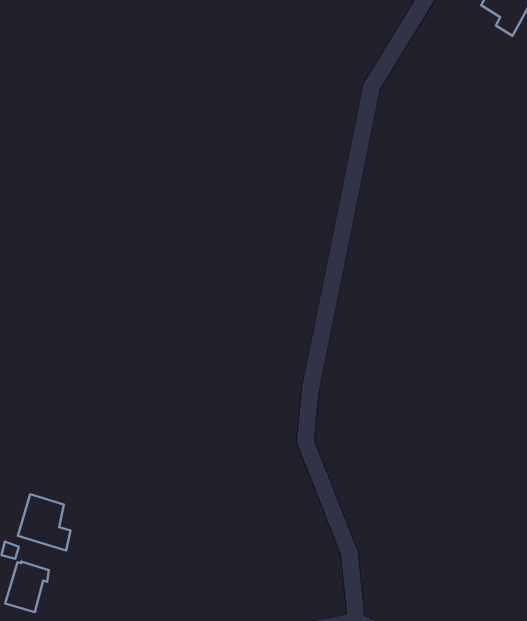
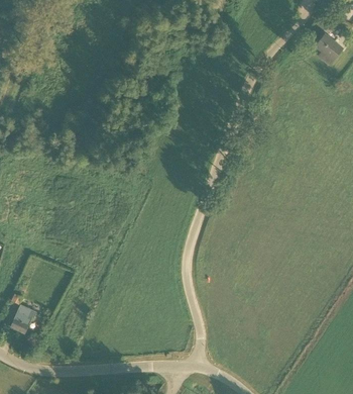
building: [18,494,70,550] -> none

